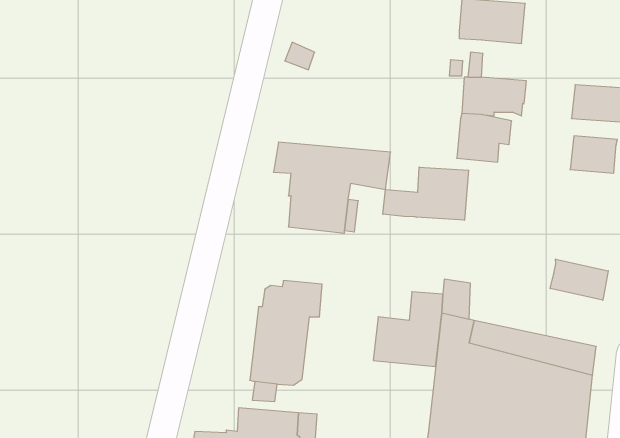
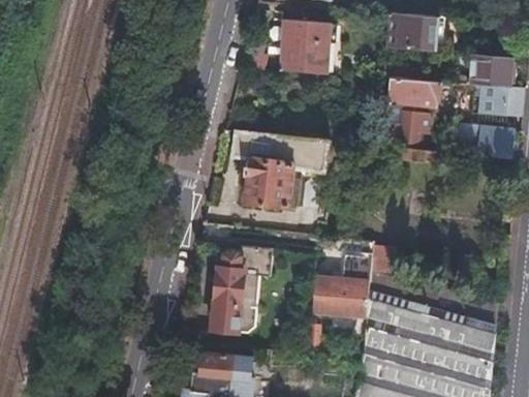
building: none -> [282,21,341,74]
building: none -> [454,54,512,87]
building: [383,167,469,220] -> none
building: [550,259,608,300] -> none

